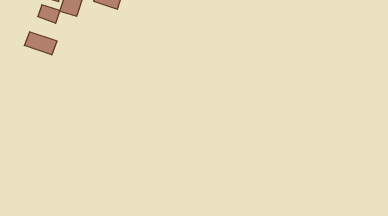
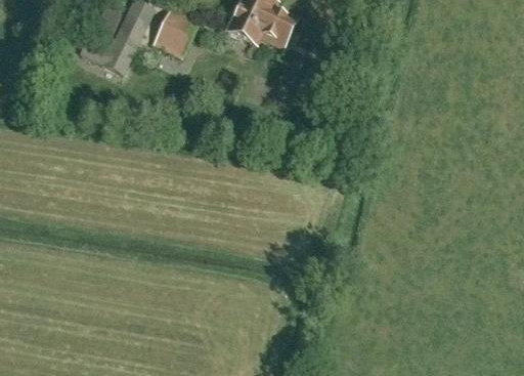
building: [24,32,57,55] -> none

